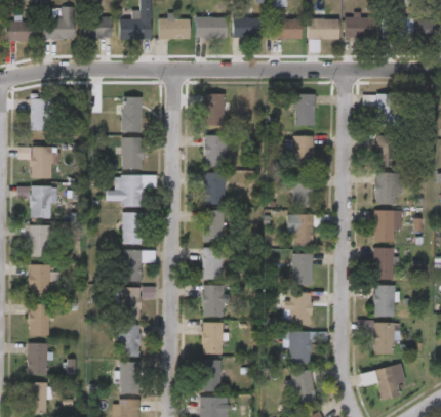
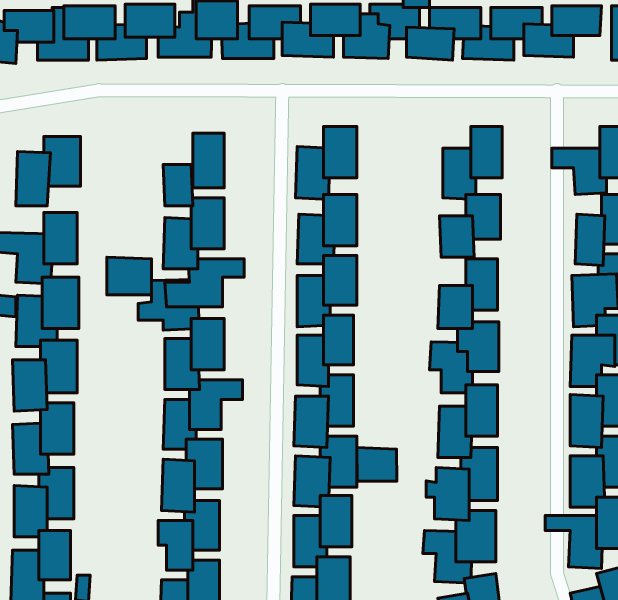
building: none -> [107,257,152,295]
building: none -> [357,447,397,481]

